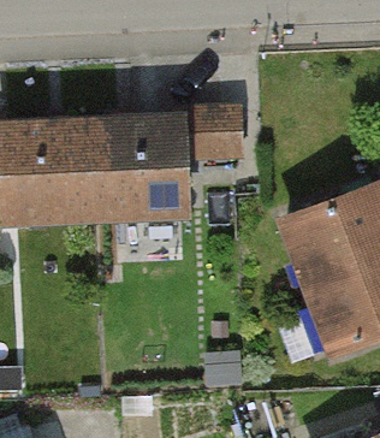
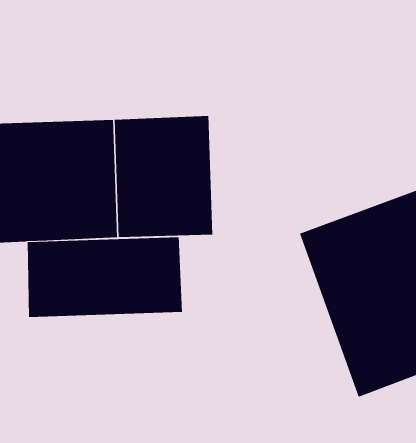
building: none -> [27,237,183,318]

